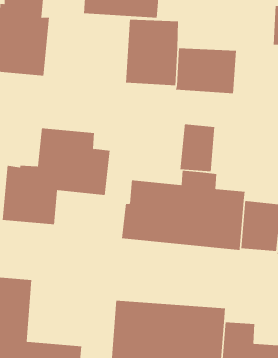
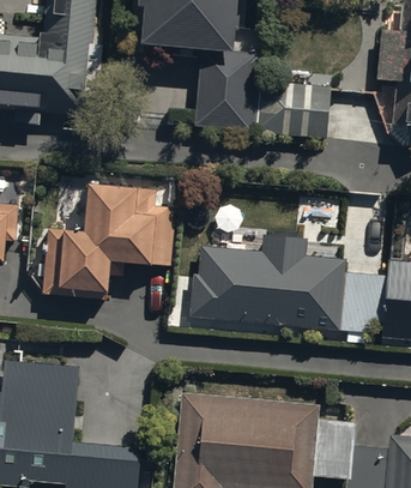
building: [180,123,215,172] -> none

